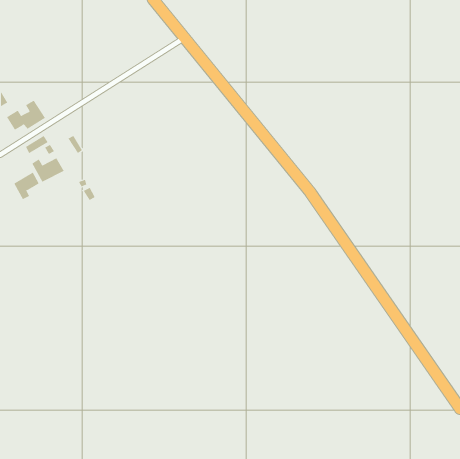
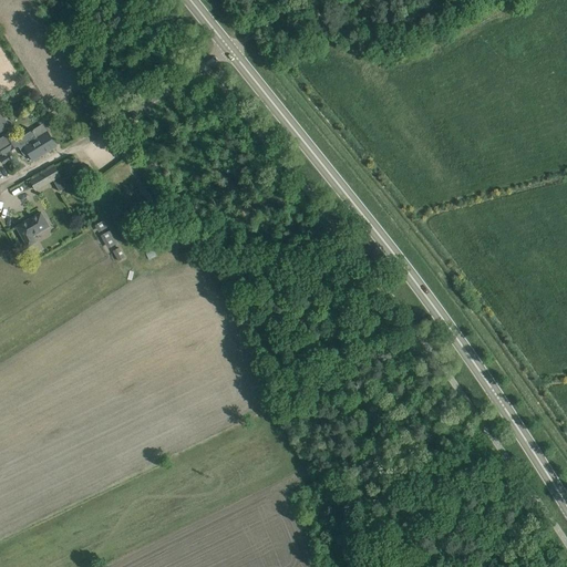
building: [31,157,64,183] -> none

